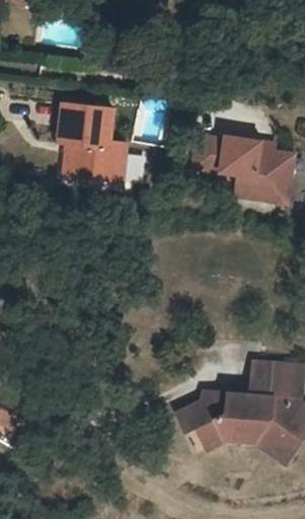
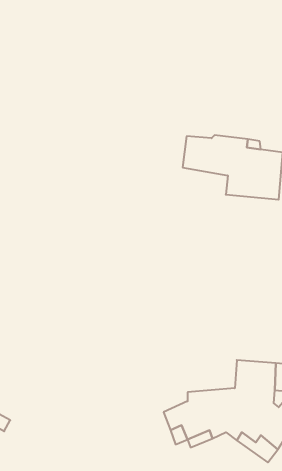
building: [66,101,130,180] -> none

